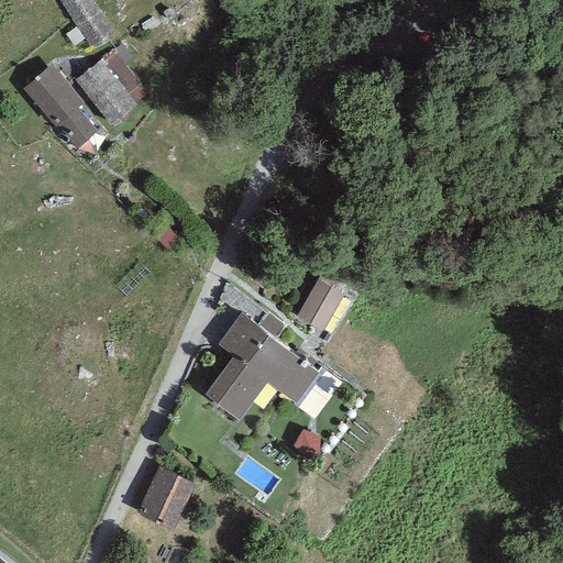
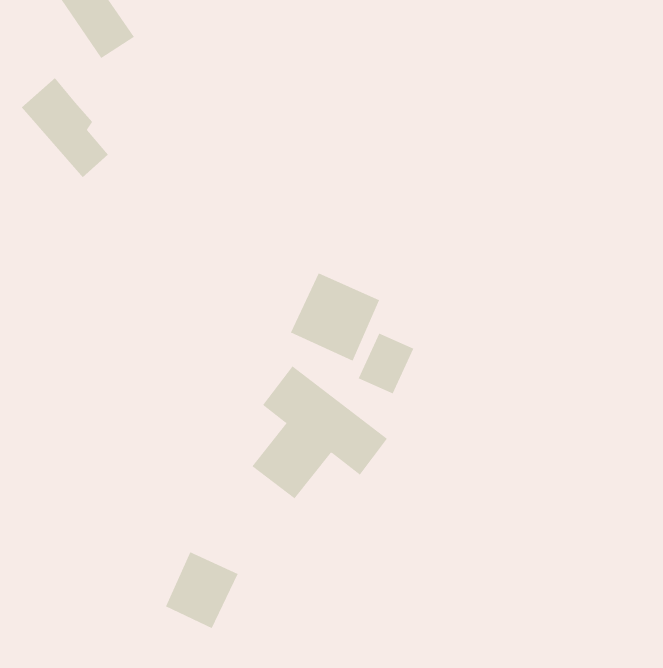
building: [64,43,144,123] -> none
building: none -> [290,272,380,362]

